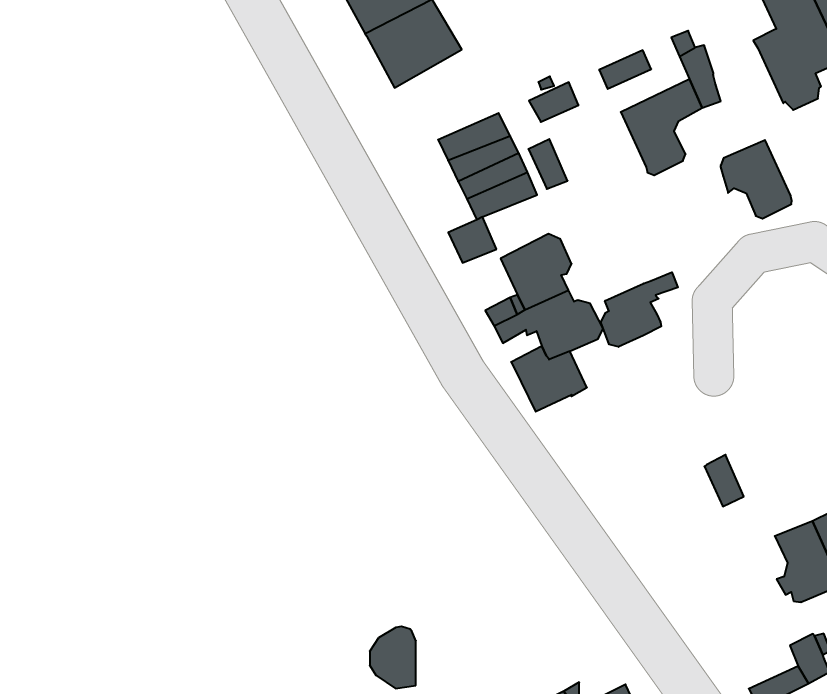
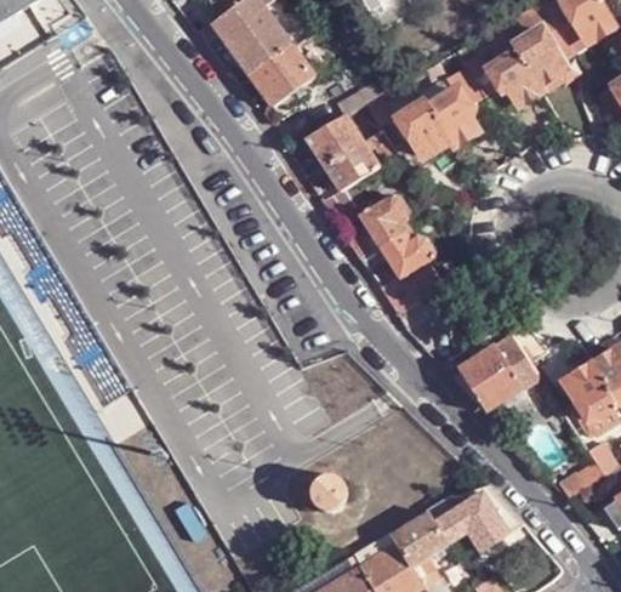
building: none -> [398,99,451,155]
building: [721,140,792,219] -> [489,50,540,103]
building: [601,272,678,347] -> none
building: none -> [458,346,524,412]

